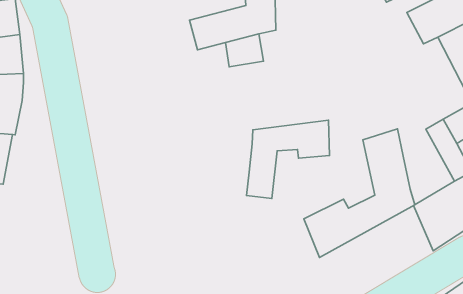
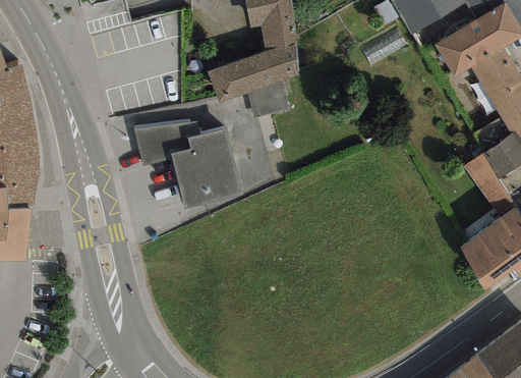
building: none -> [132,121,240,209]
building: [246,120,329,198] -> none
building: [304,129,415,257] -> none

